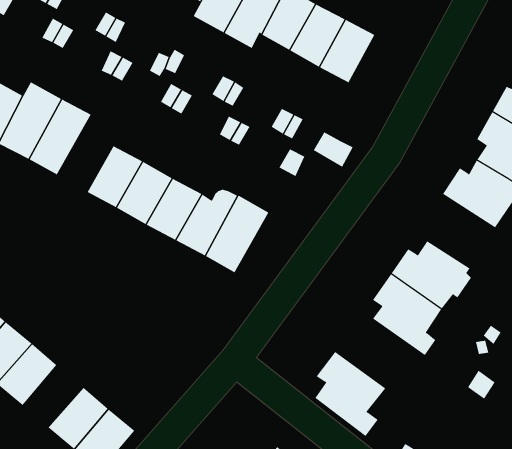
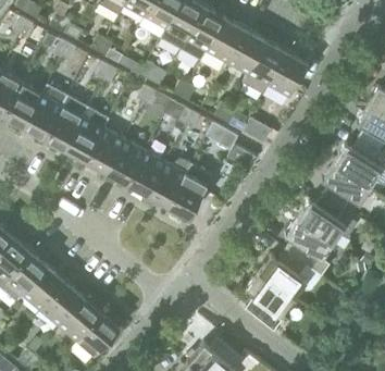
building: none -> [269,51,308,97]
building: none -> [65,107,109,161]
building: none -> [322,162,371,214]
building: none -> [259,249,322,298]
building: none -> [41,282,84,325]

